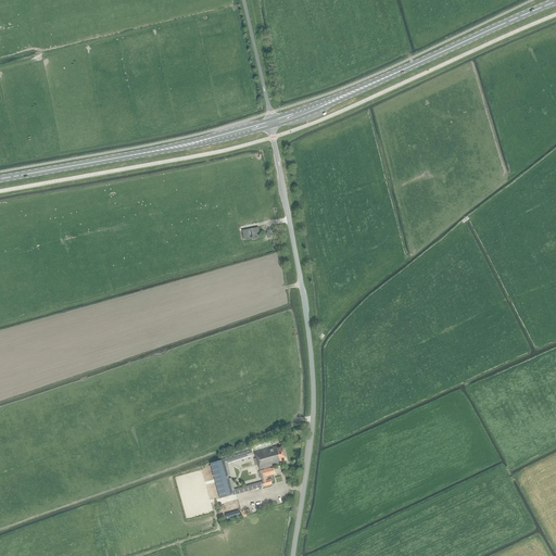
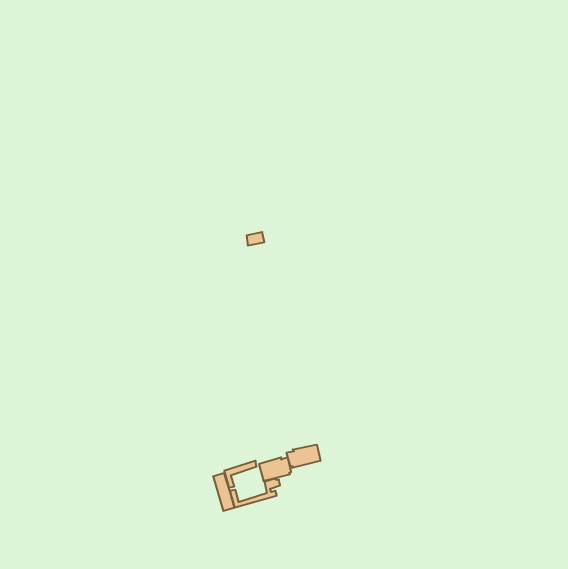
building: none -> [287,445,320,468]

